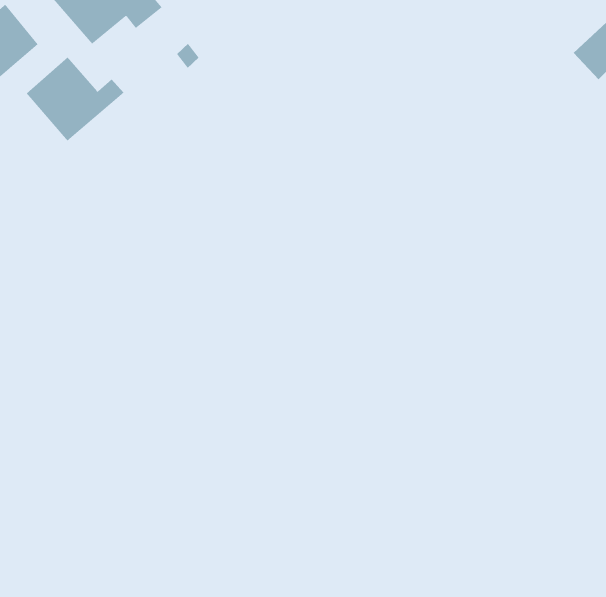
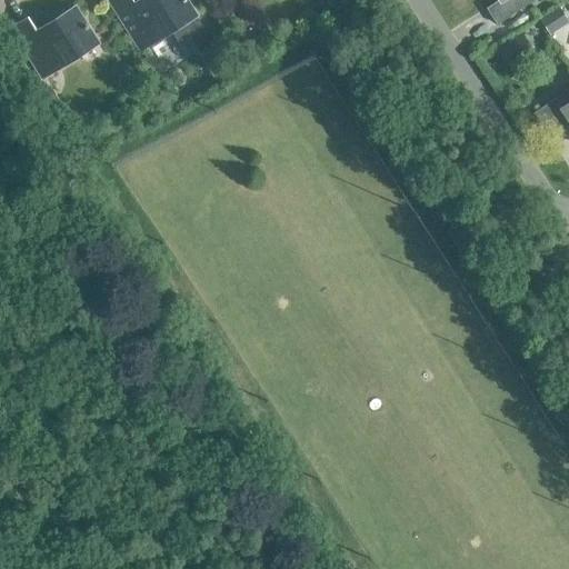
building: [26,56,125,142] -> none

